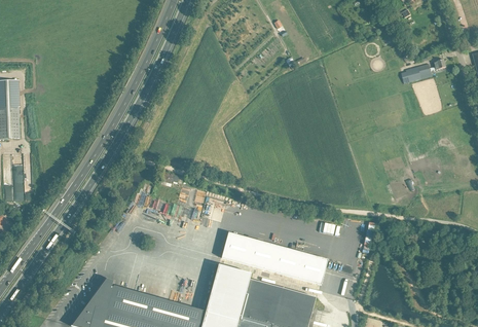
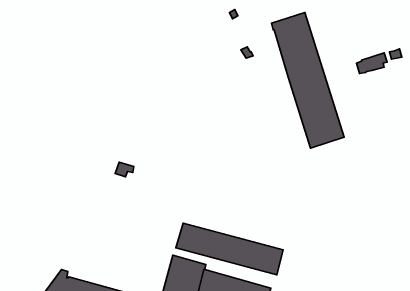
building: none -> [271,12,344,148]

